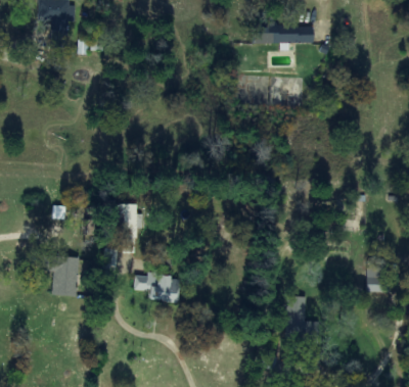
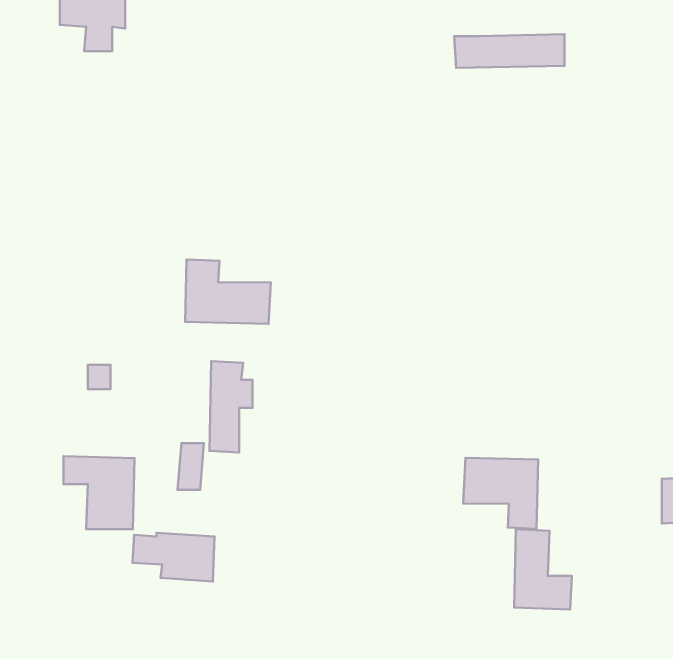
building: none -> [185,259,271,324]
building: none -> [463,458,538,529]
building: [134,274,179,300] -> [132,533,215,581]

